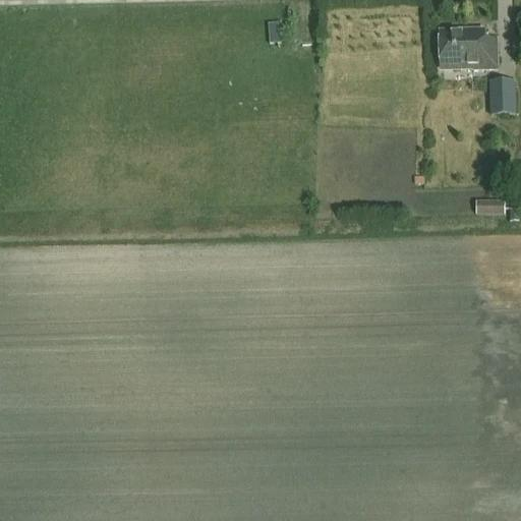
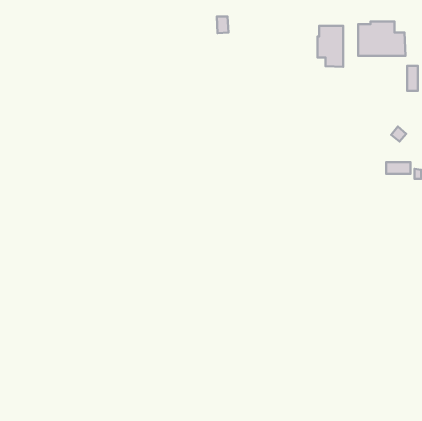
building: none -> [317,26,343,67]

